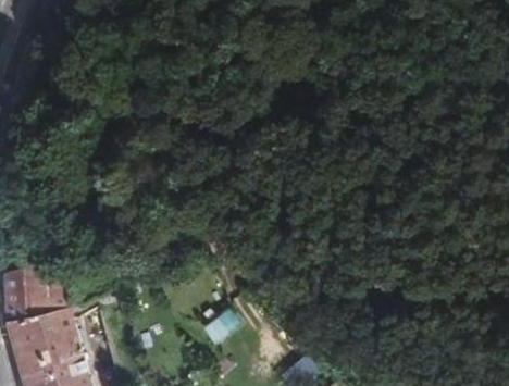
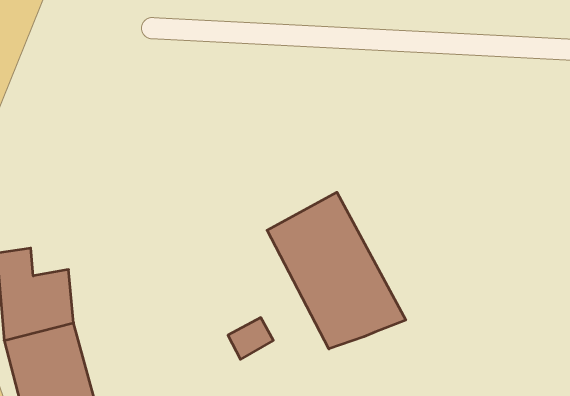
building: none -> [267,192,406,349]

